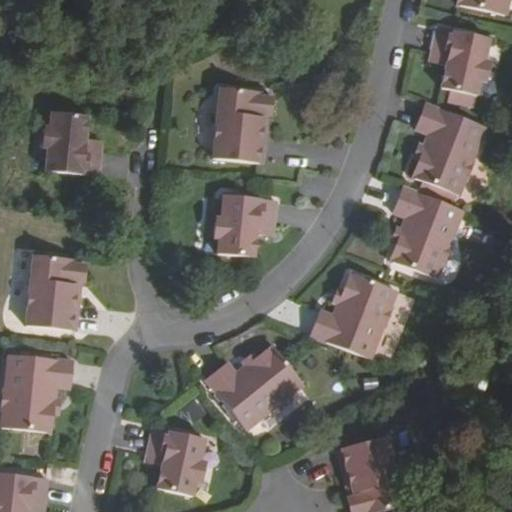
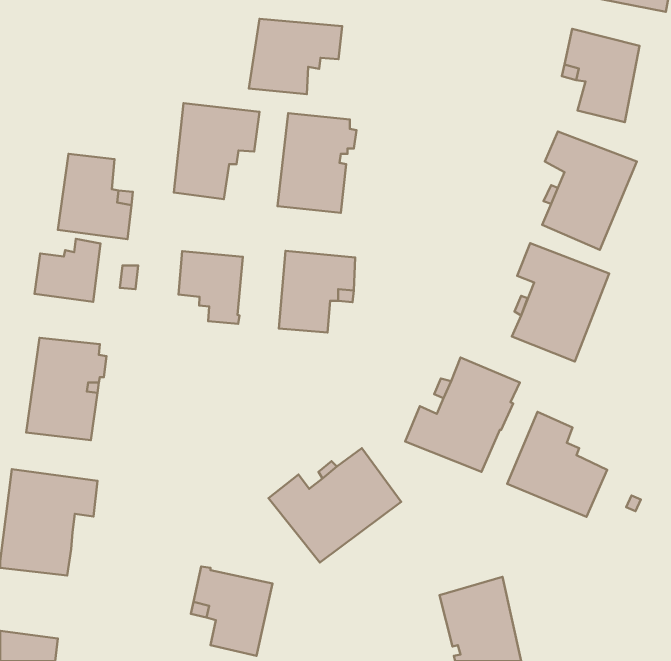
building: none -> [249,19,342,94]
building: none -> [174,103,259,199]
building: none -> [35,239,101,302]
building: none -> [179,251,243,324]
building: none -> [507,412,607,517]

